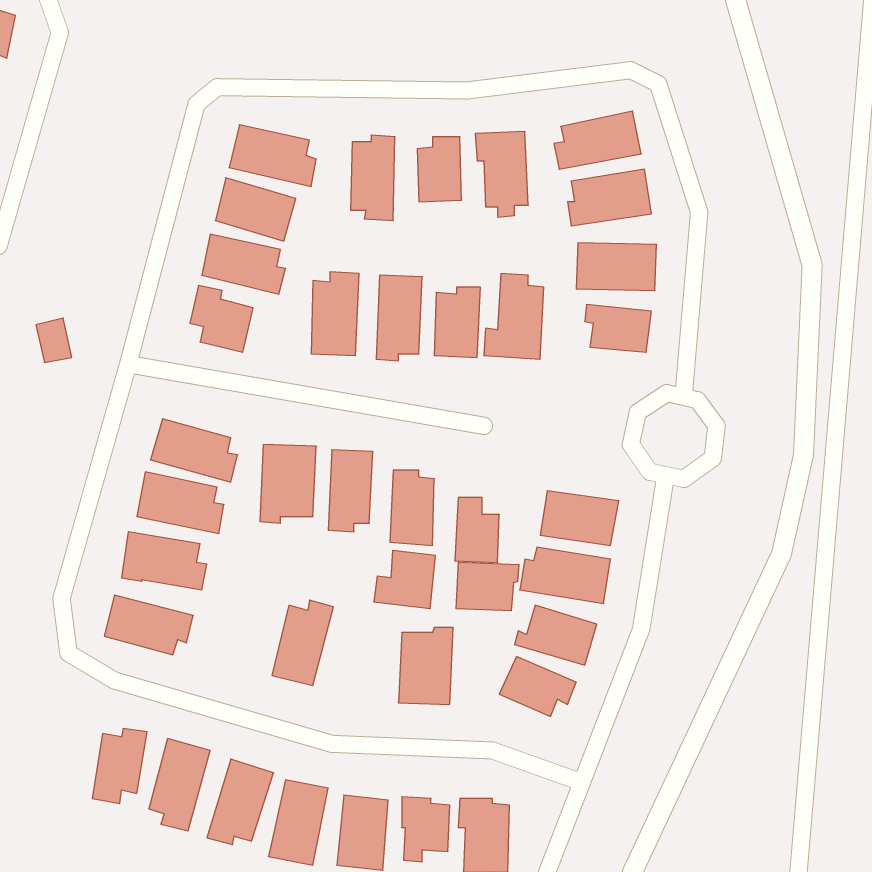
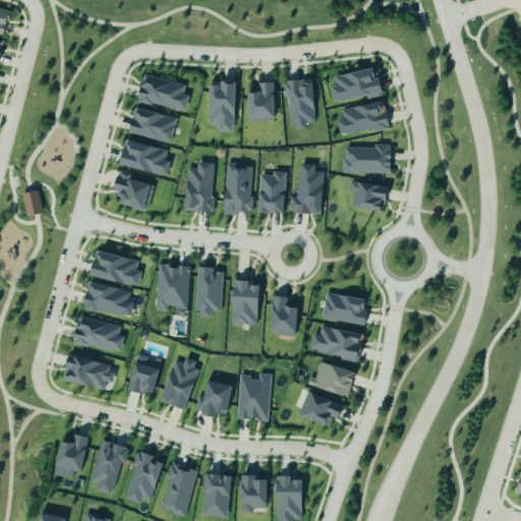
building: [374,550,435,609] -> [195,381,232,415]
building: [456,562,519,611] -> none
building: none -> [128,356,162,395]

